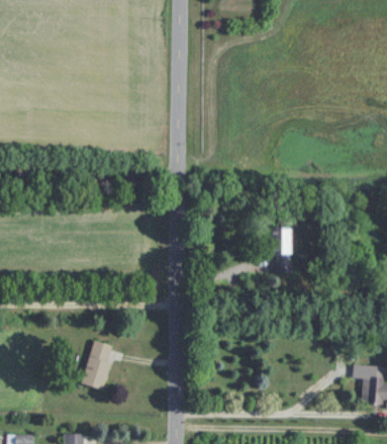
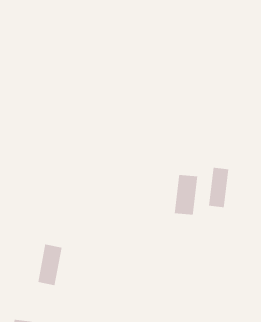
building: none -> [174,174,198,215]

